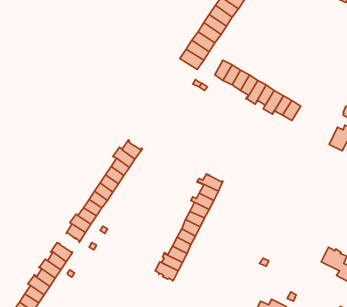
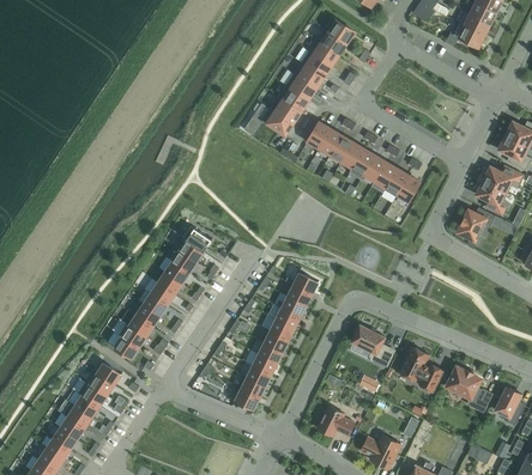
building: none -> [351,324,393,367]
building: none -> [398,347,442,391]
building: none -> [316,406,353,437]

